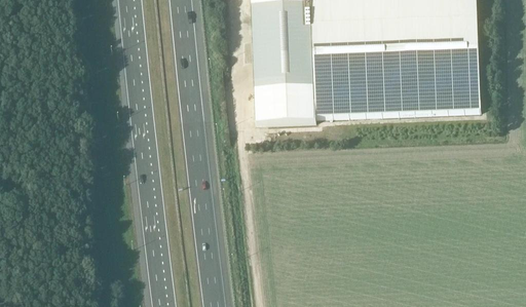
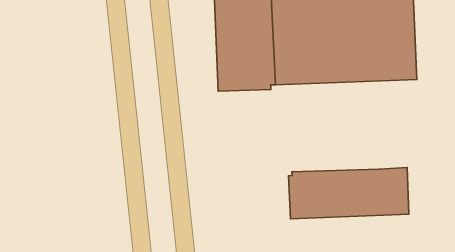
building: none -> [289,168,409,219]

